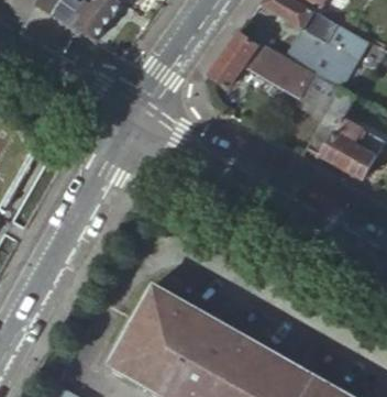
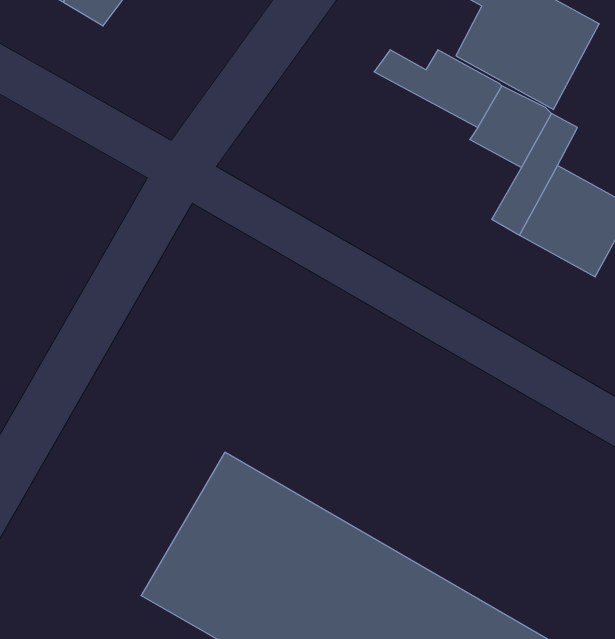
building: [207,38,277,93] -> none

